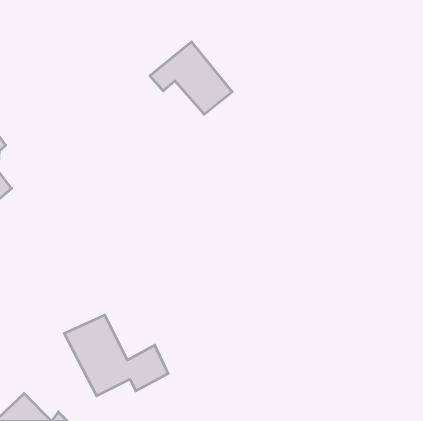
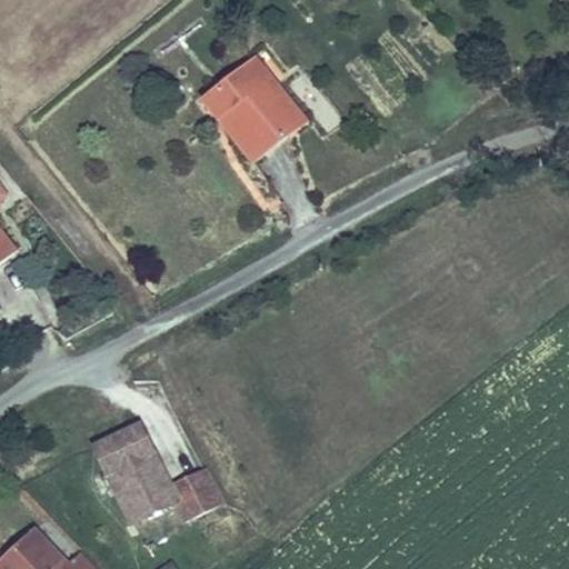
building: none -> [218,108,272,167]

